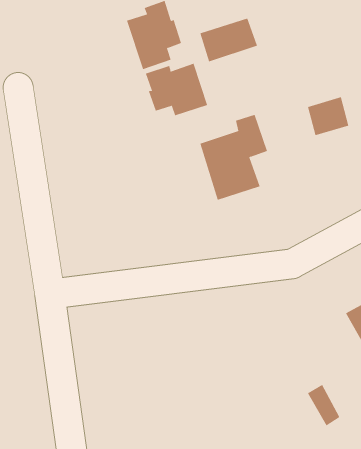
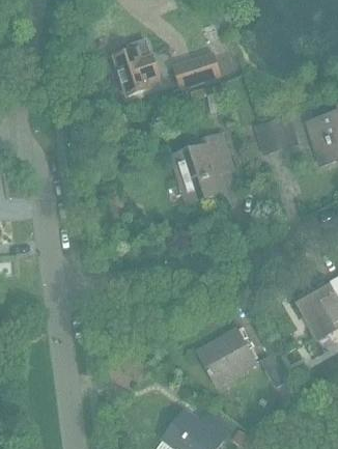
building: [145,63,208,116] -> none
building: none -> [197,329,256,381]

